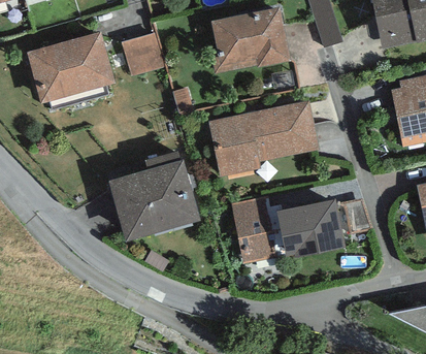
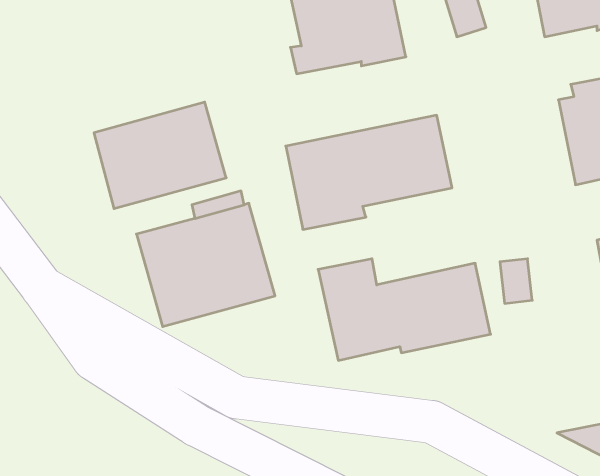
building: [27,31,116,102] -> [94,102,226,209]
building: [122,32,166,75] -> none

